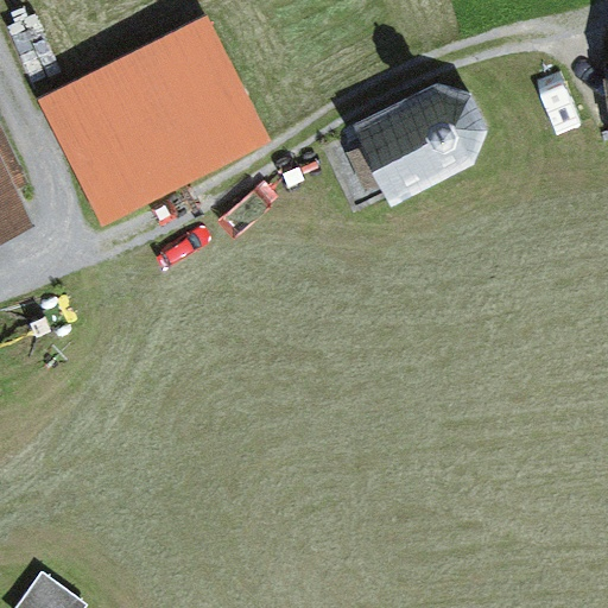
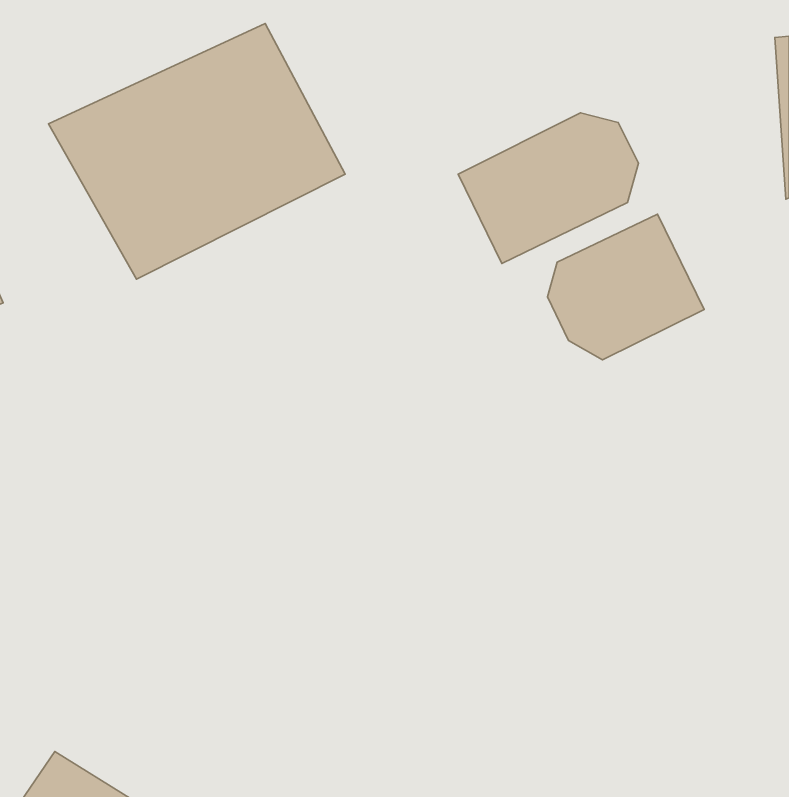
building: none -> [547,214,704,360]

